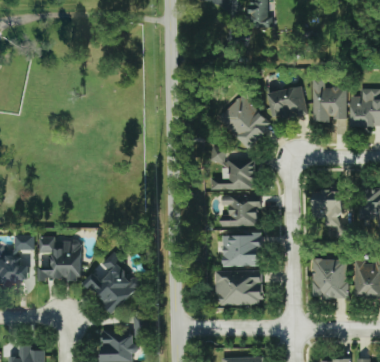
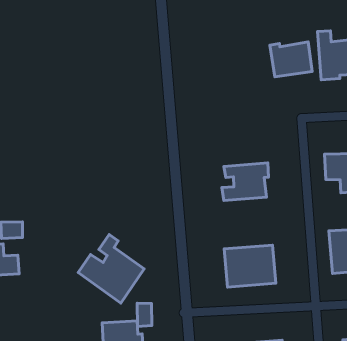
building: [219,95,272,148] -> none
building: [210,159,254,190] -> none
building: [221,234,261,267] -> none
building: [38,237,81,280] -> none

